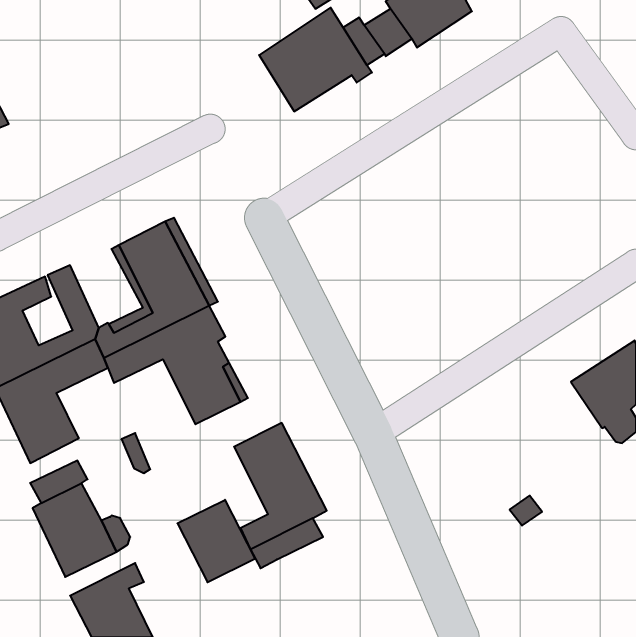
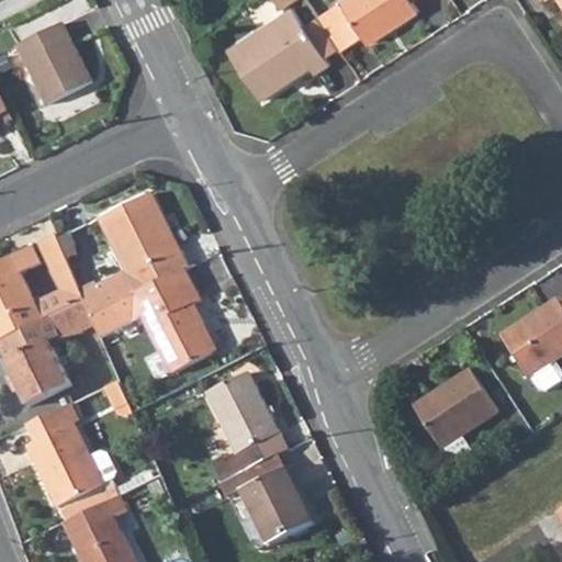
building: none -> [15,21,91,103]
building: none -> [413,368,497,446]
building: [177,500,255,582] -> [243,470,311,542]

